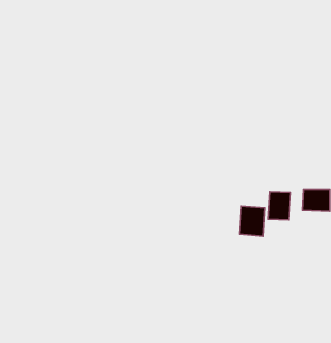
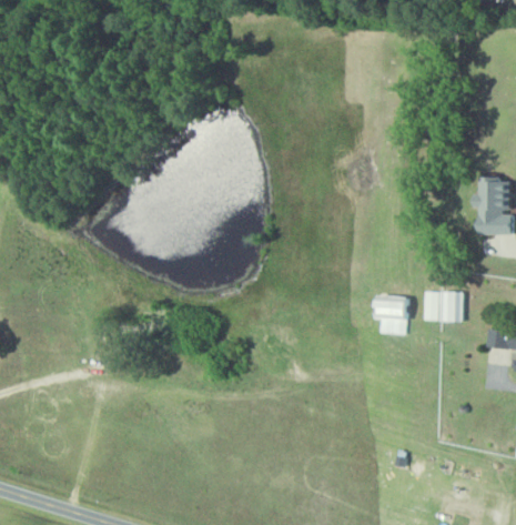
building: [239,206,265,236] -> none

